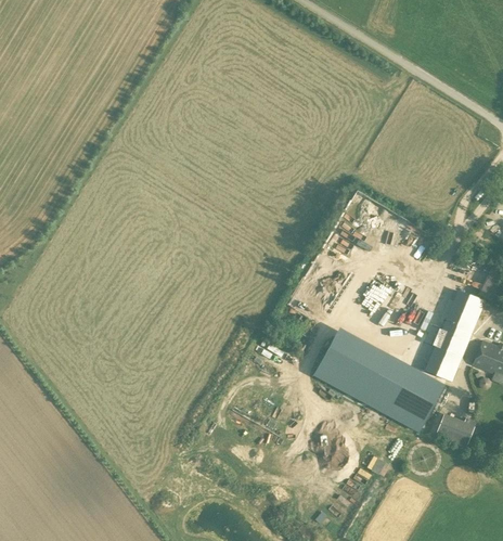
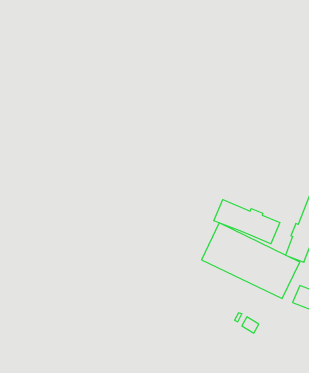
building: none -> [214,200,280,244]

